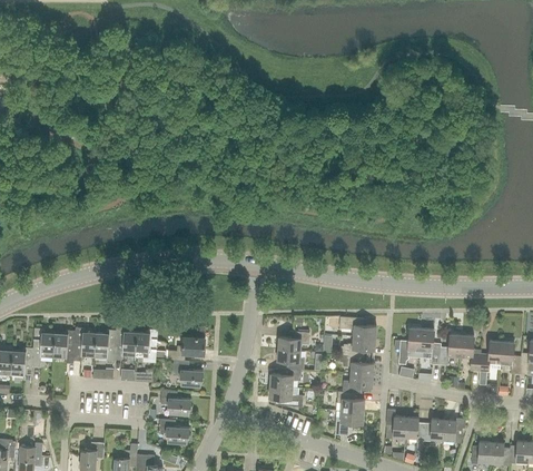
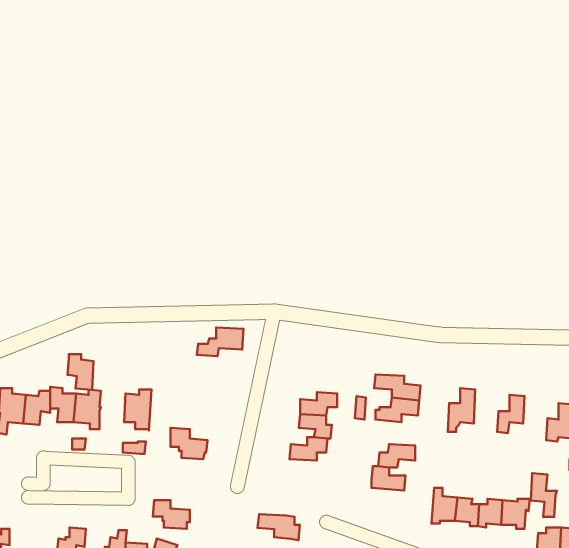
building: [115,327,136,356] -> [67,354,93,390]
building: [420,330,441,364] -> none
building: [460,335,481,371] -> [531,473,557,517]
building: [167,337,205,361] -> [197,328,243,356]
building: [338,354,373,375] -> none
building: [268,386,303,408] -> [258,514,300,540]
building: [160,391,190,414] -> none
building: [334,410,363,435] -> none

